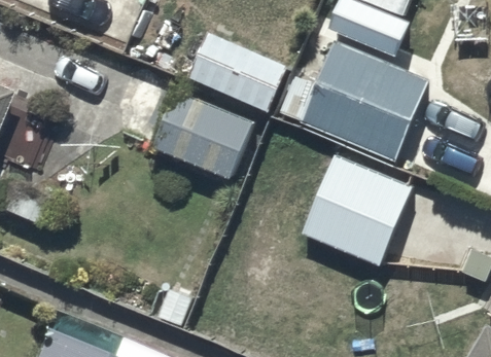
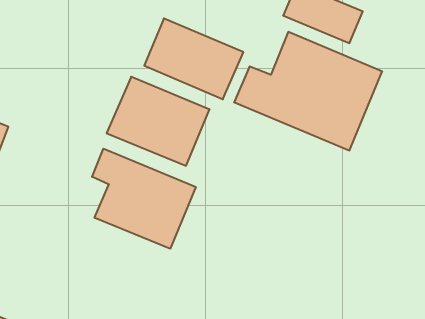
building: [299,153,413,266] -> none
building: none -> [92,149,196,249]

